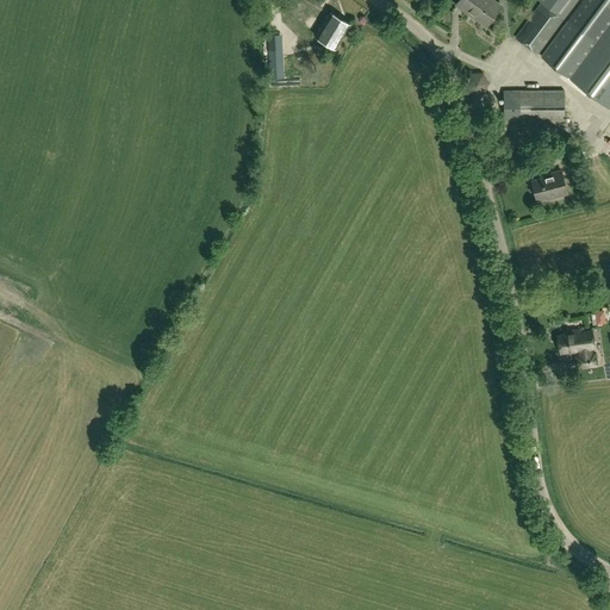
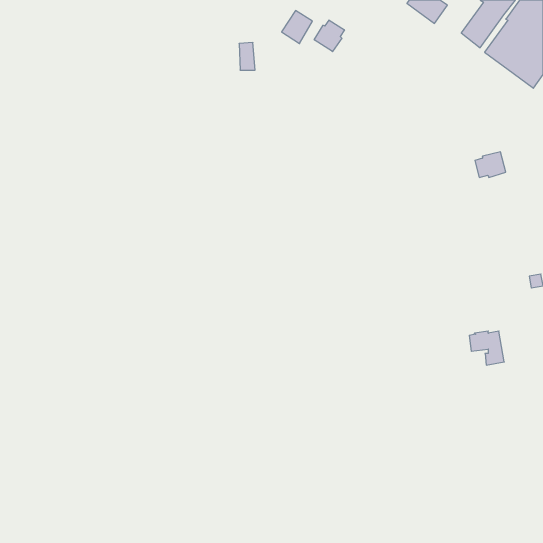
building: none -> [314,20,344,52]
building: [504,91,564,124] -> none
building: [559,330,598,368] -> [469,331,504,365]

